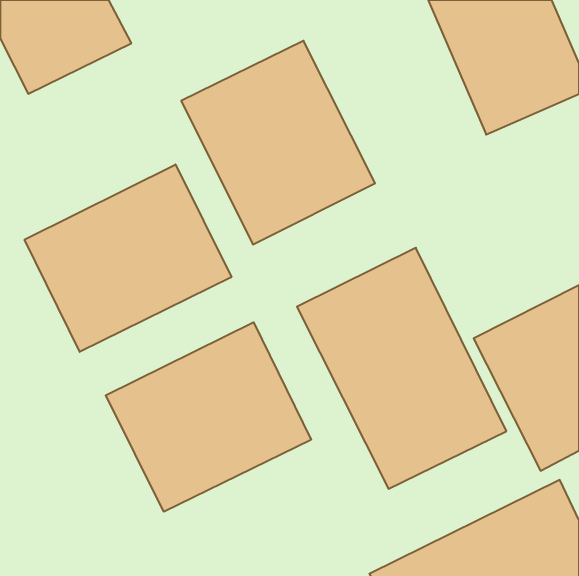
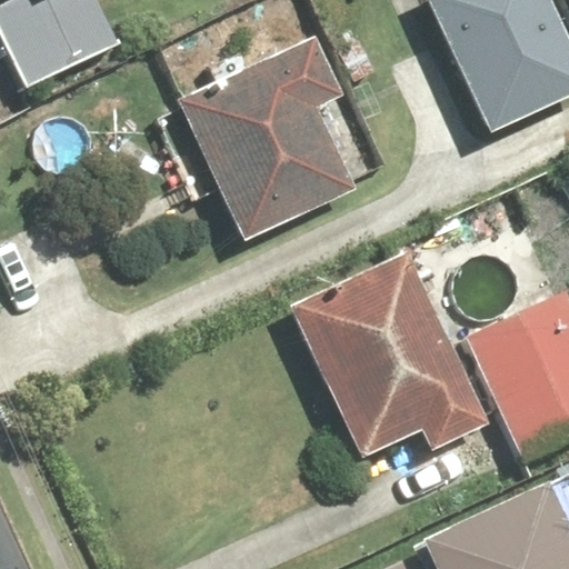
building: [25,164,231,352] -> none
building: [106,322,311,512] -> none

